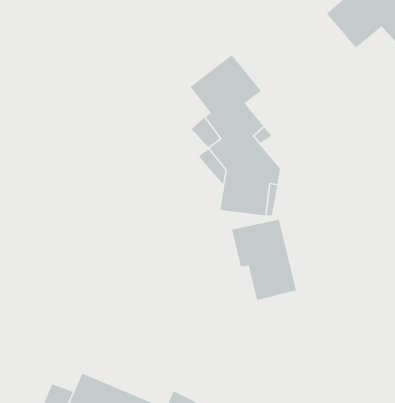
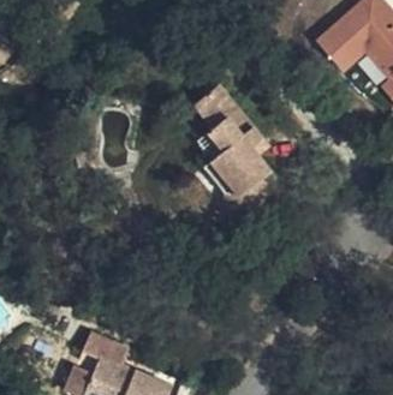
building: [231,219,297,301] -> none

